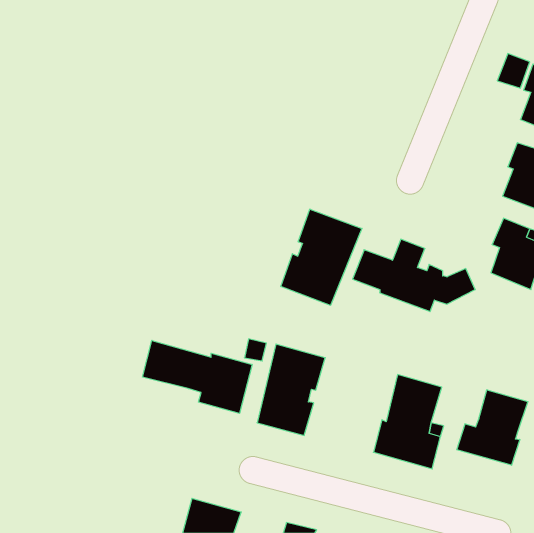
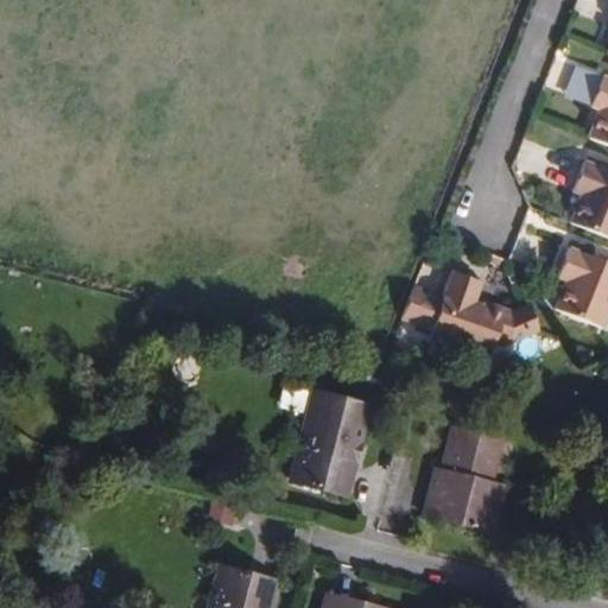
building: [281,209,362,305] -> none
building: [143,340,252,413] -> none
building: [457,390,528,465] -> none

